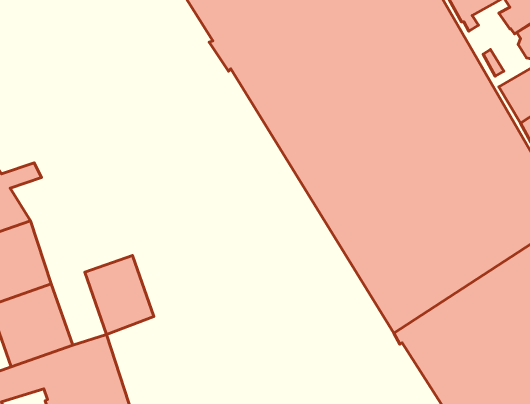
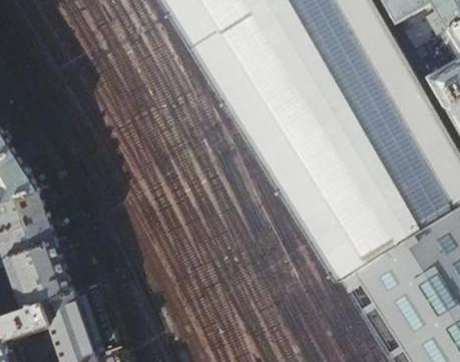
building: [85,255,154,334] -> none

